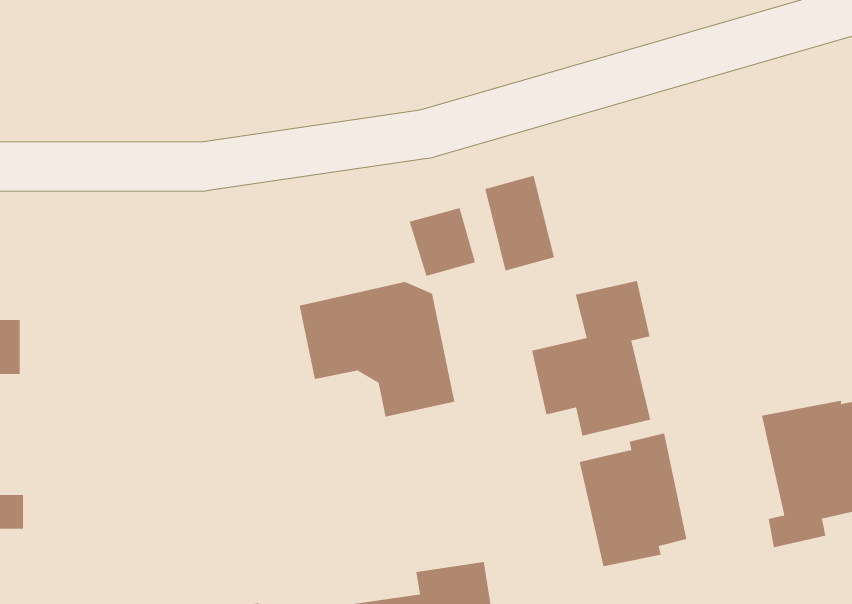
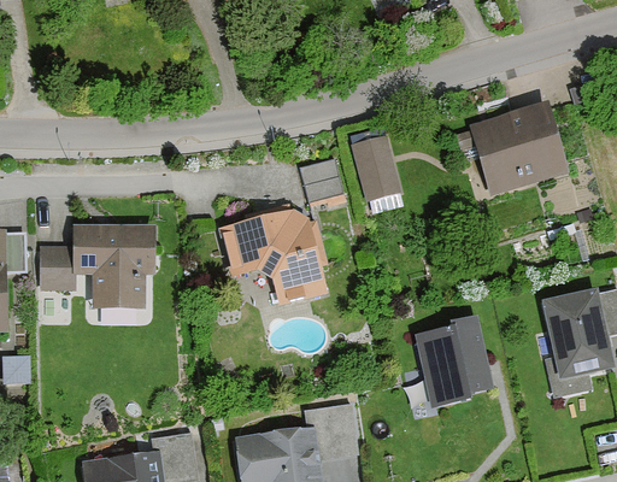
building: none -> [470,101,571,196]
building: [531,280,651,436] -> none
building: none -> [36,225,155,307]

